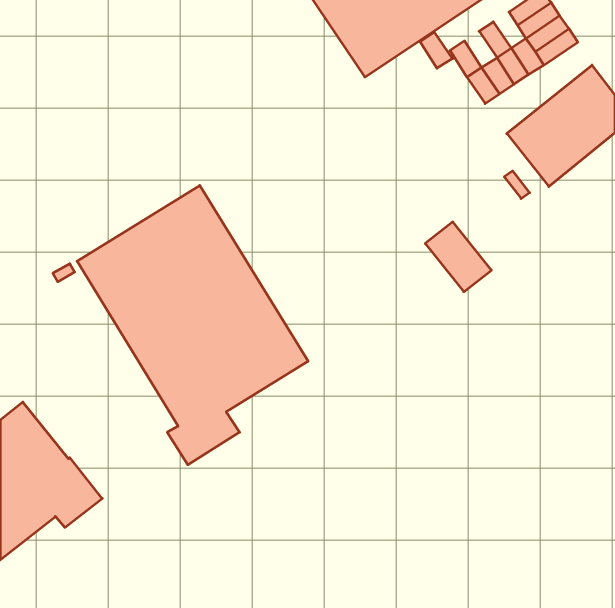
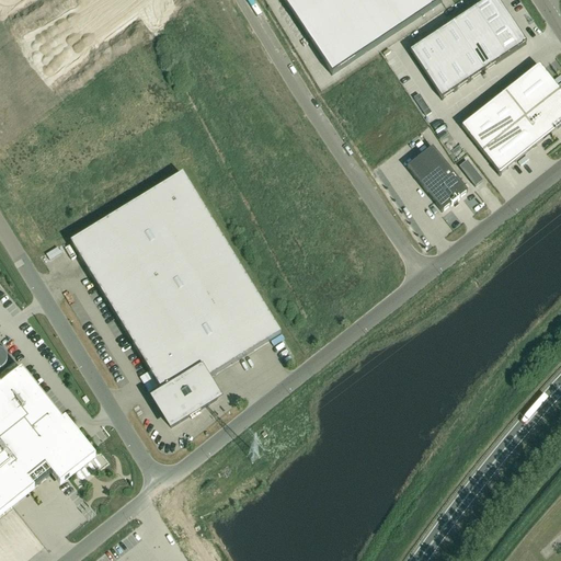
building: none -> [449,11,479,44]
building: [420,32,453,68] -> [423,28,453,61]
building: [425,222,491,292] -> [407,142,467,206]

